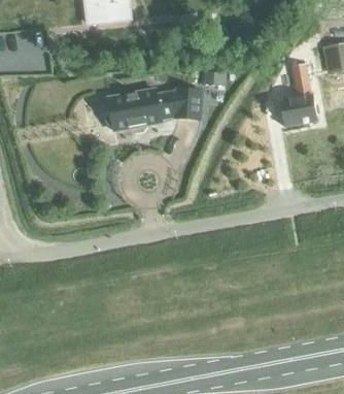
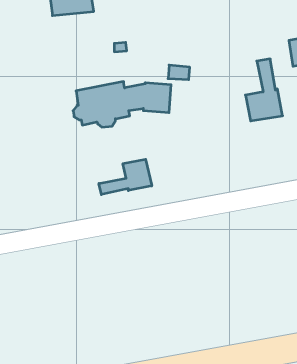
building: none -> [99,159,152,195]

